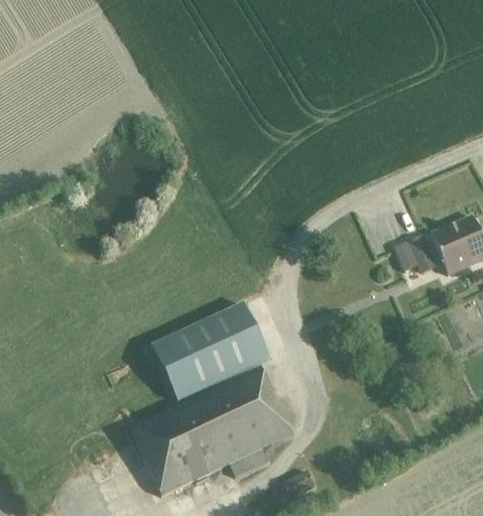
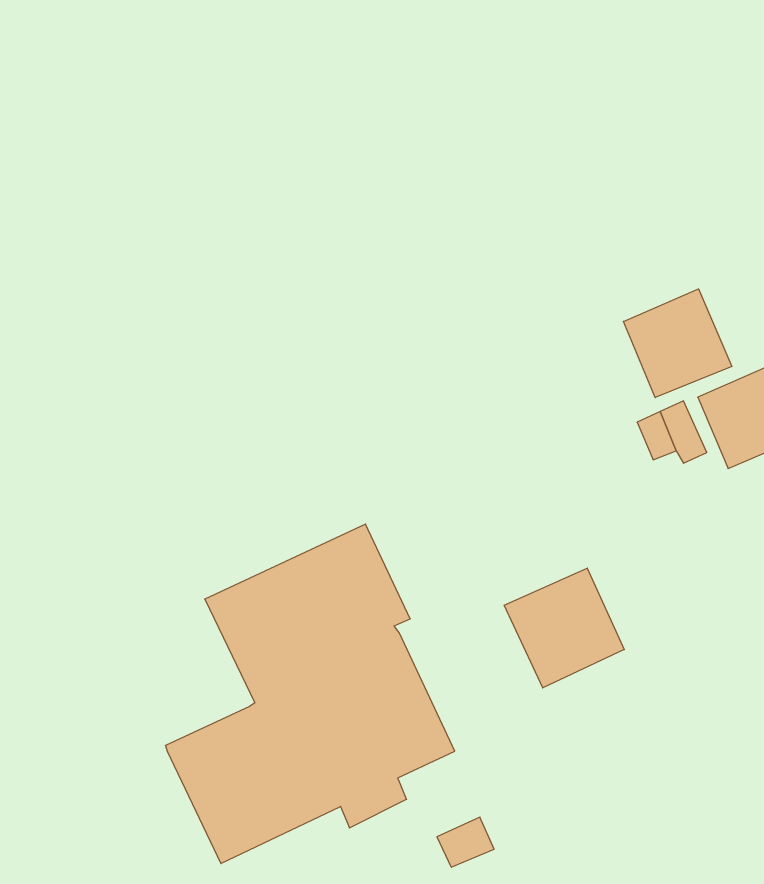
building: none -> [623,289,732,398]
building: none -> [504,568,624,688]

